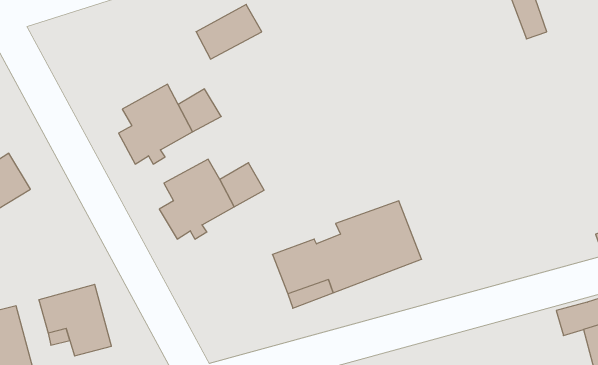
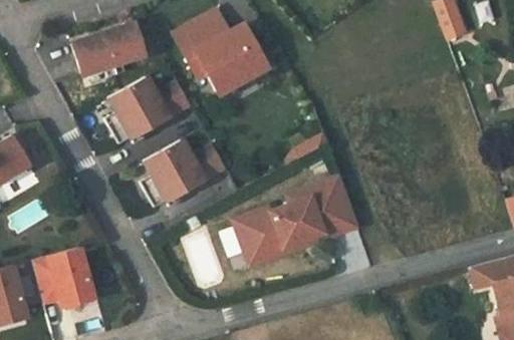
building: none -> [72,24,144,77]
building: none -> [181,25,261,92]

